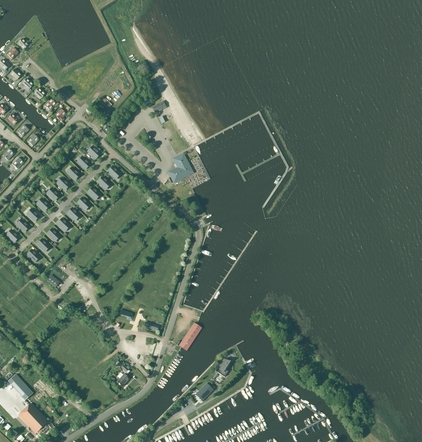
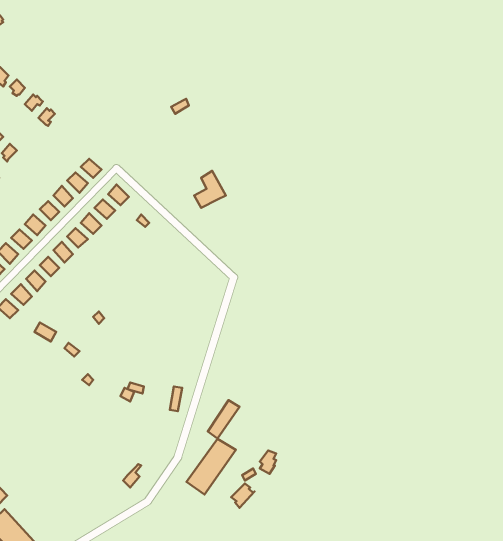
building: none -> [187,439,236,494]

